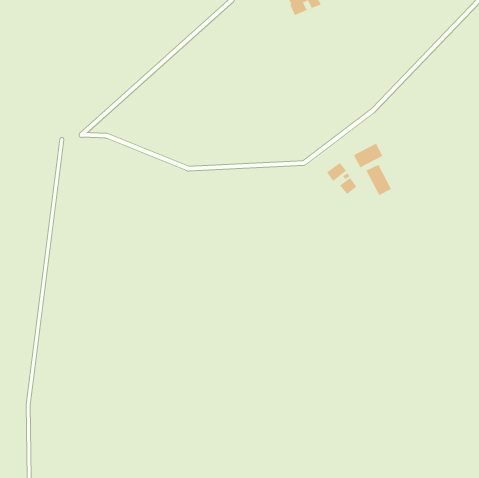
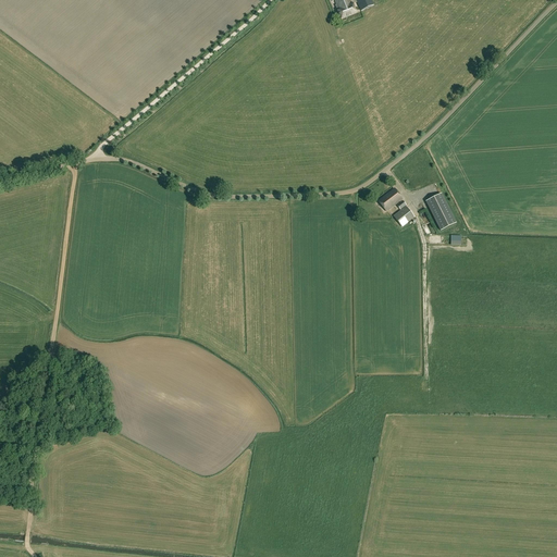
building: [353,143,383,168] -> none

